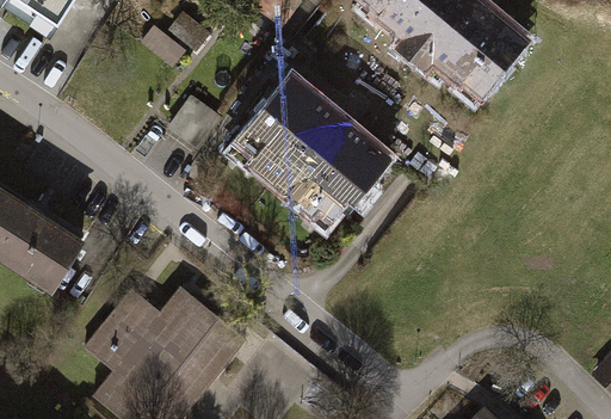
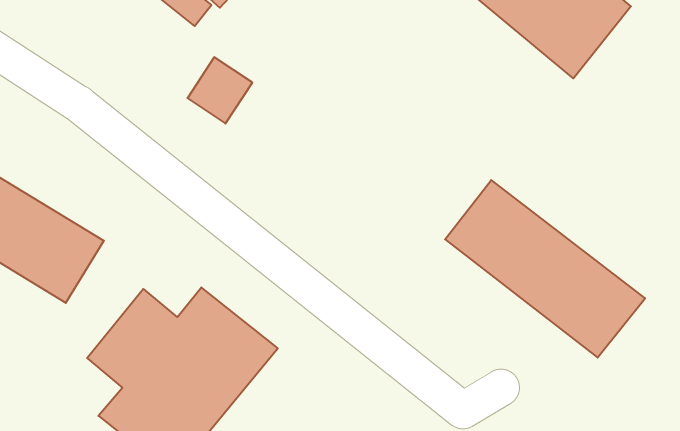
building: [233,79,400,235] -> none
building: none -> [445,180,645,358]

